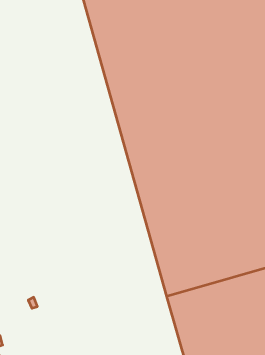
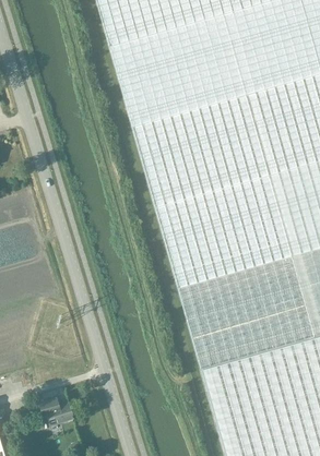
building: none -> [39,398,73,425]

